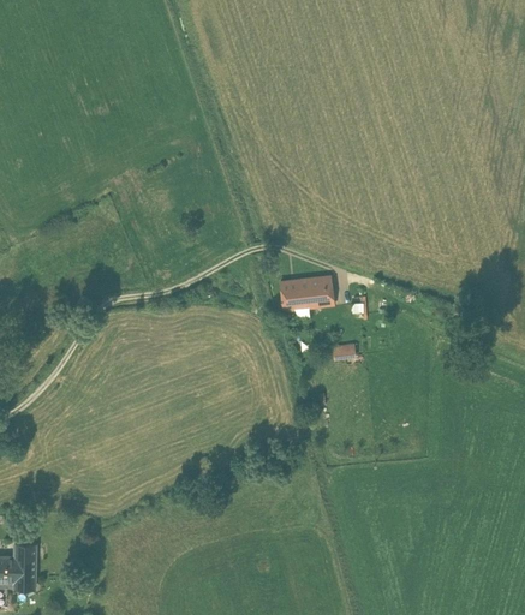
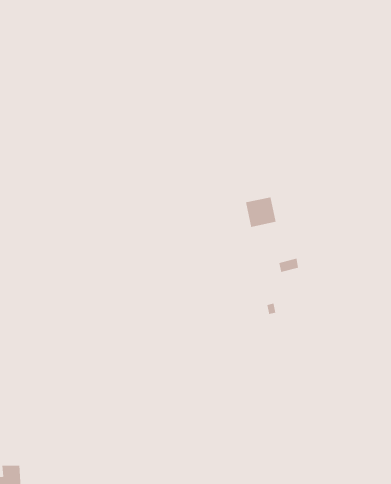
building: [279,279,305,309] -> none

